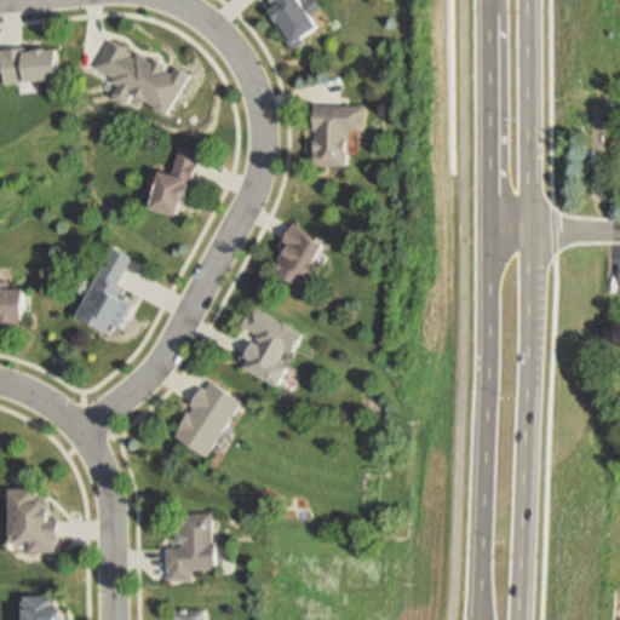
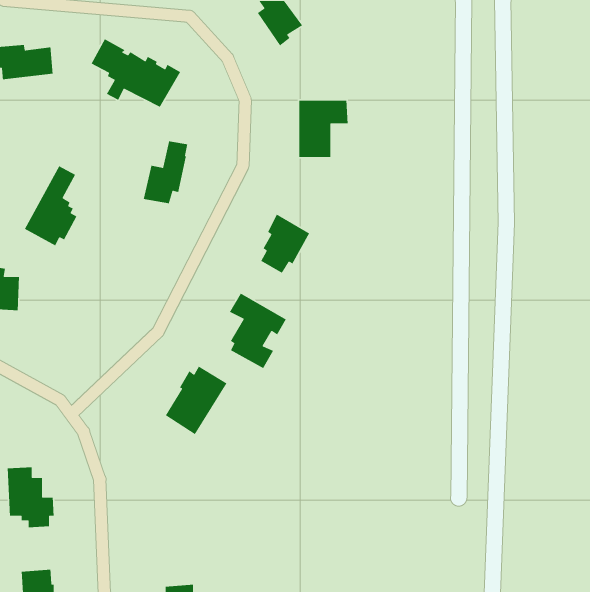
building: [74,249,130,334] -> [24,165,77,246]
building: [166,513,214,580] -> none

